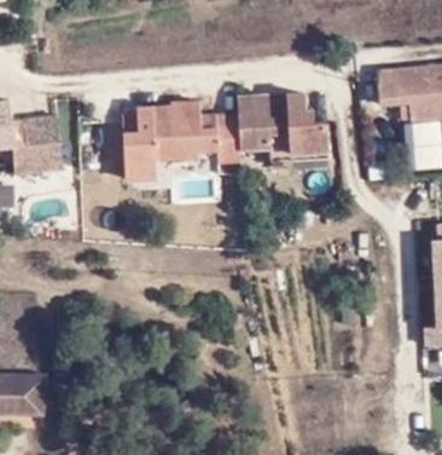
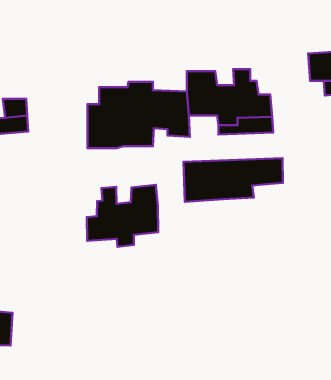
building: none -> [184,158,283,202]
building: none -> [87,185,158,247]

